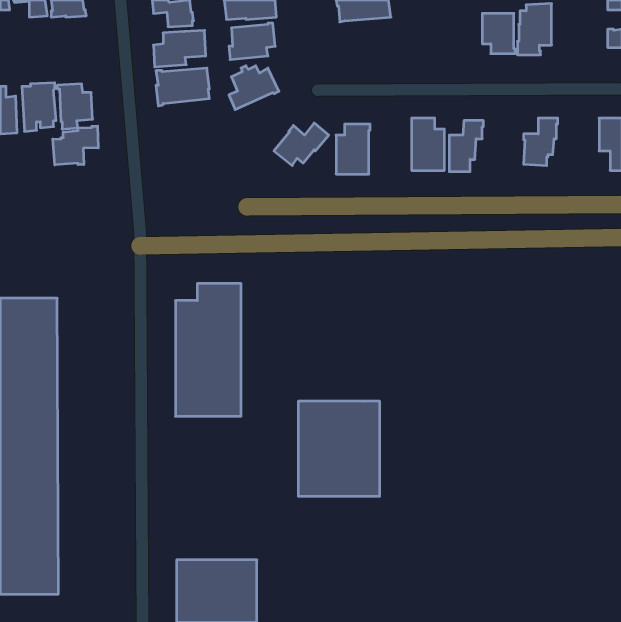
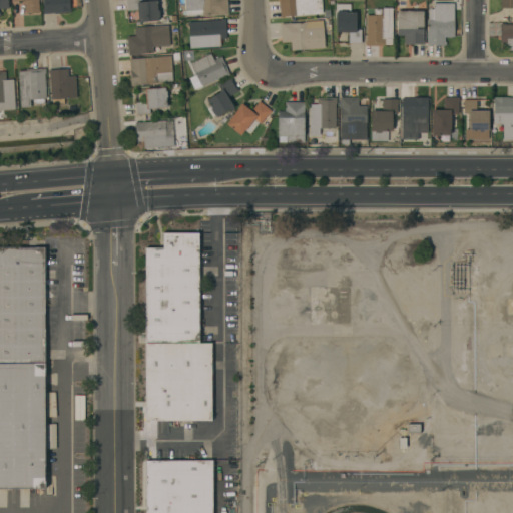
building: none -> [336,4,361,43]
building: none -> [366,8,393,46]
building: none -> [281,20,331,50]
building: none -> [206,78,239,117]
building: none -> [136,88,168,115]
building: none -> [310,98,337,136]
building: none -> [402,98,428,140]
building: none -> [464,100,489,139]
building: [53,126,98,165] -> none
building: none -> [135,120,175,149]
building: [298,401,380,496] -> [145,343,212,421]

